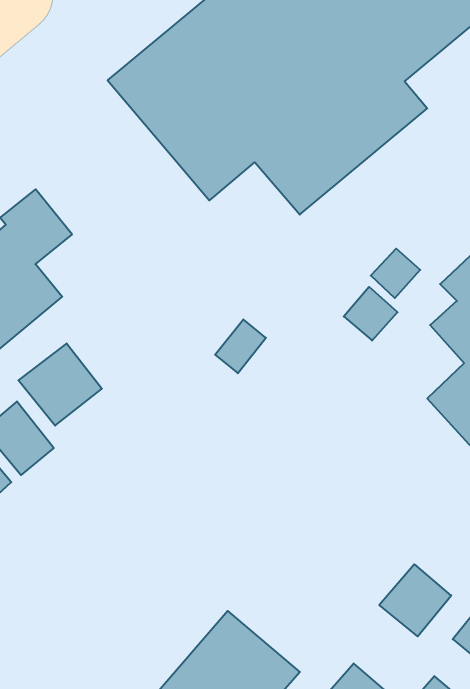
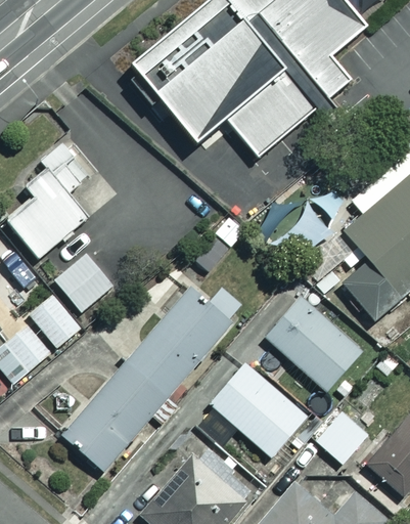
building: none -> [61,291,229,470]
building: none -> [265,298,360,390]
building: none -> [210,362,306,456]

